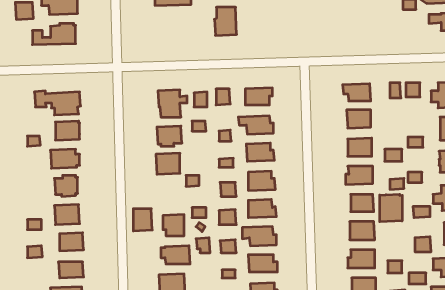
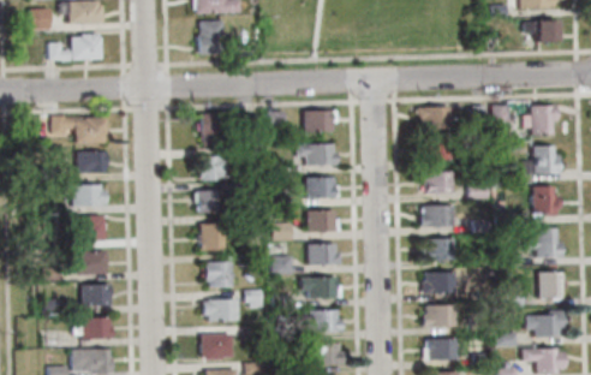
building: [214,7,237,35] -> [197,20,223,54]
building: [380,194,402,222] -> none
building: [133,209,152,231] -> [202,224,225,250]

